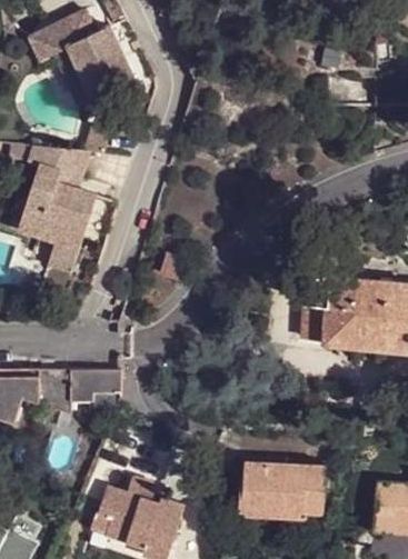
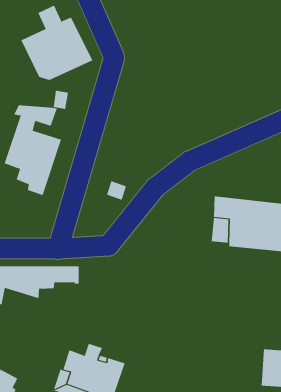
building: [32,22,73,60] -> none
building: [237,462,326,519] -> none

